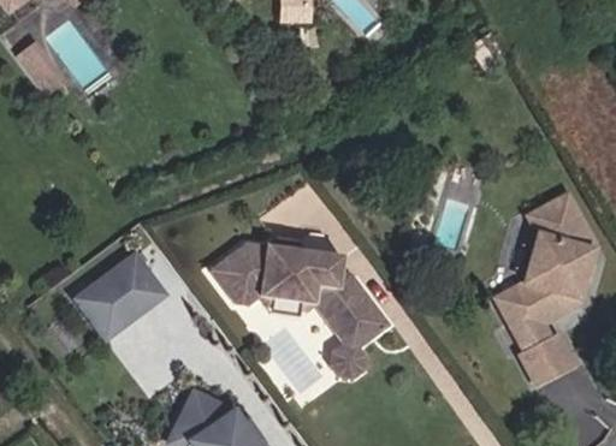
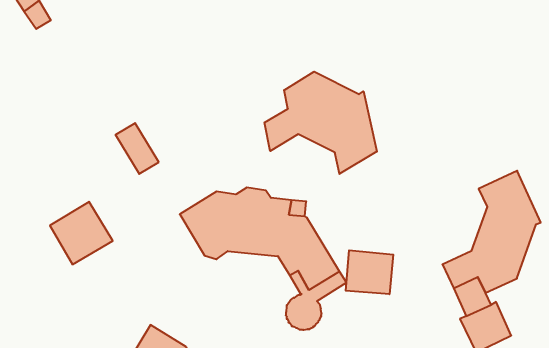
building: none -> [264,72,377,174]
building: [118,256,166,309] -> [115,123,159,174]
building: none -> [346,250,393,294]

